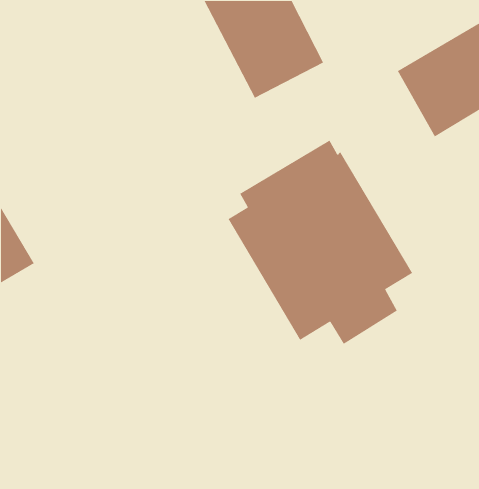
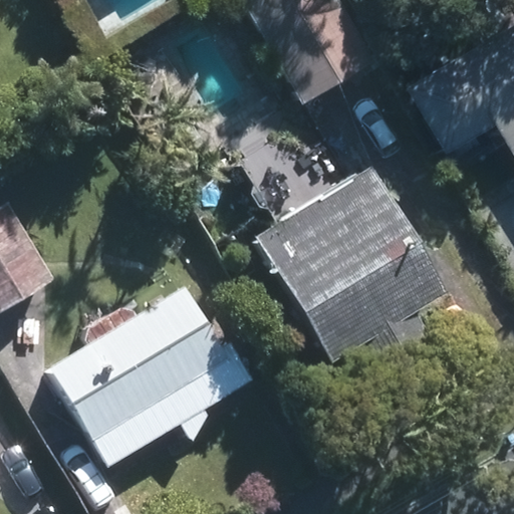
building: none -> [47,284,257,468]

